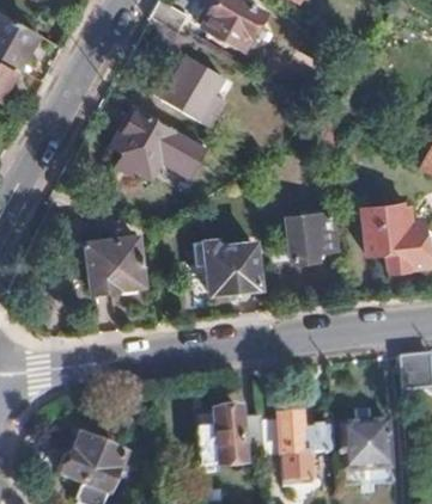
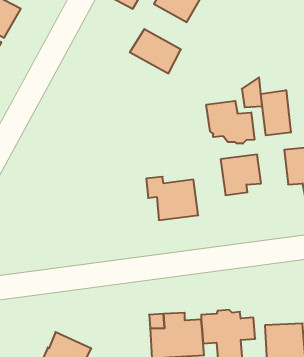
building: [112,111,191,174] -> none
building: none -> [261,90,291,135]
building: none -> [206,101,254,144]
building: [84,235,141,295] -> none

